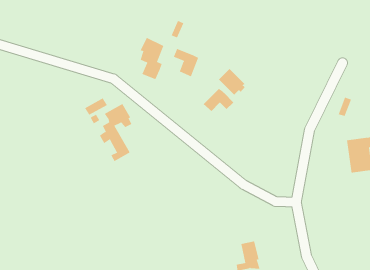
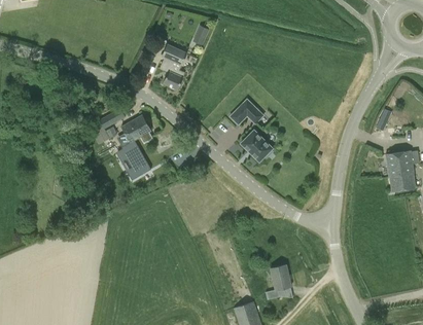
building: [173,48,199,77] -> none
building: [218,68,245,96] -> [242,131,272,160]

